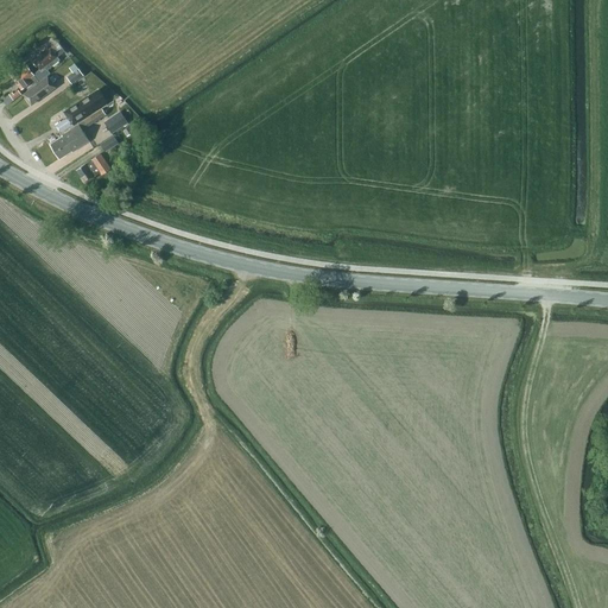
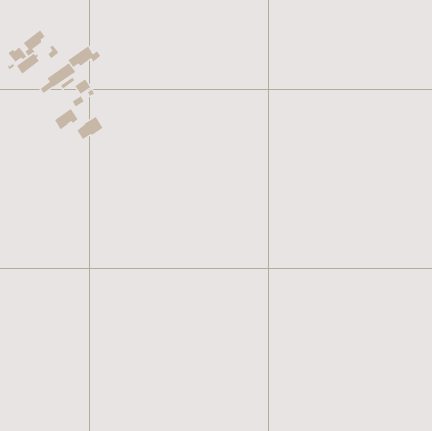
building: none -> [68,46,101,68]
building: [51,124,89,157] -> [77,116,104,140]

